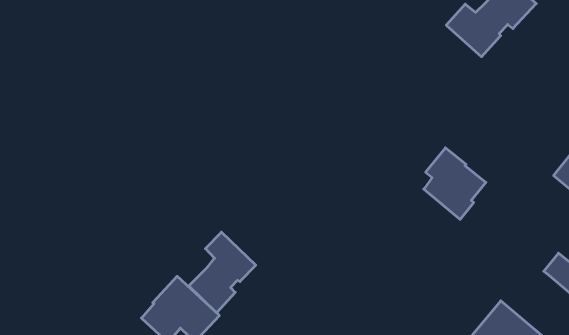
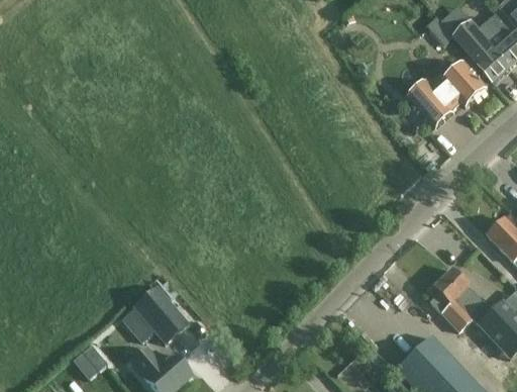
building: [424,148,486,219] -> [430,267,484,329]
building: [189,232,256,313] -> none

